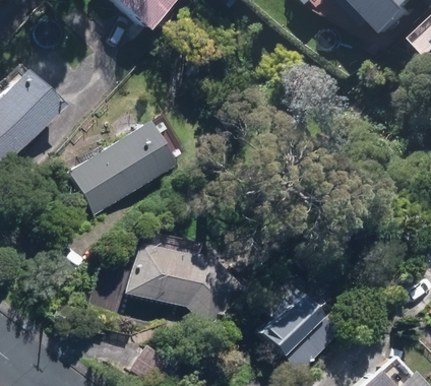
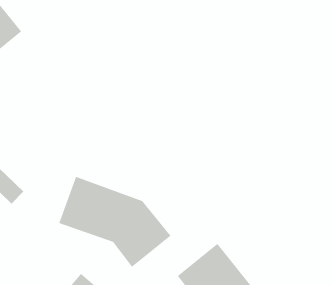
building: [67,123,167,212] -> none

